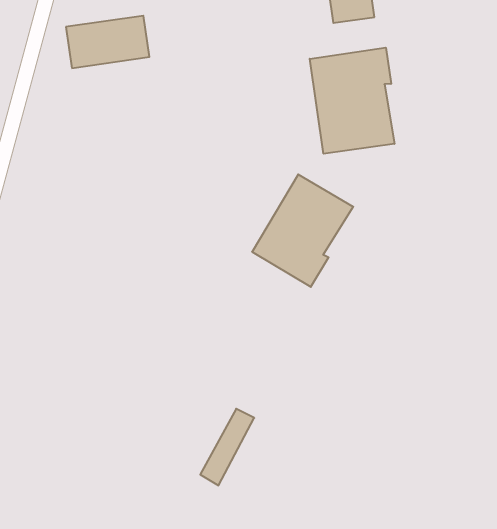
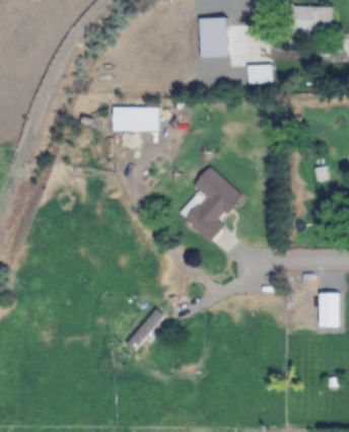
building: [66,16,149,68] -> [113,105,160,131]
building: [310,48,394,154] -> none

